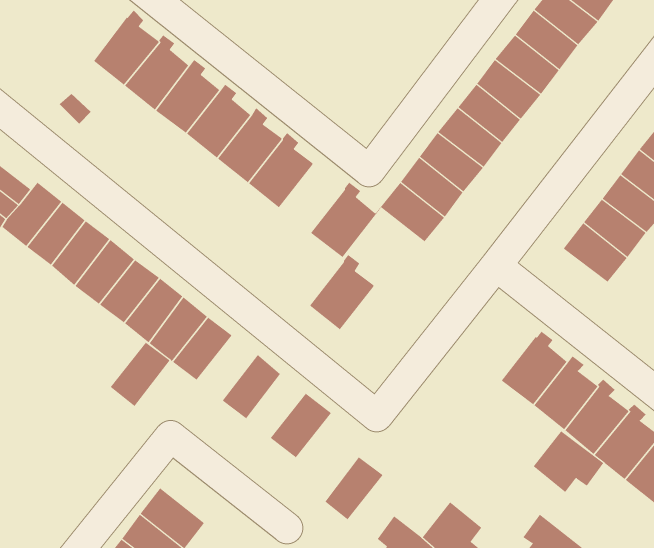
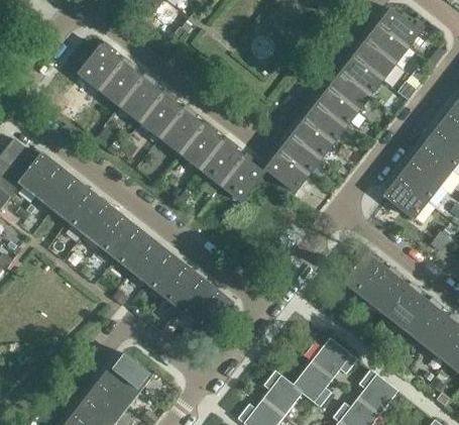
building: [309,254,374,330] -> [200,136,242,186]
building: [110,342,170,407] -> [146,252,186,295]
building: [533,431,604,493] -> [311,337,357,378]
building: [325,457,383,520] -> [179,278,217,319]

